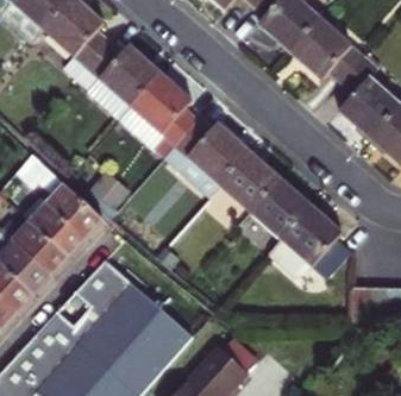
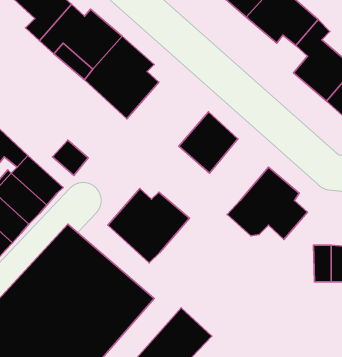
building: [164,114,246,189] -> [108,189,189,263]
building: [248,171,307,233] -> none

